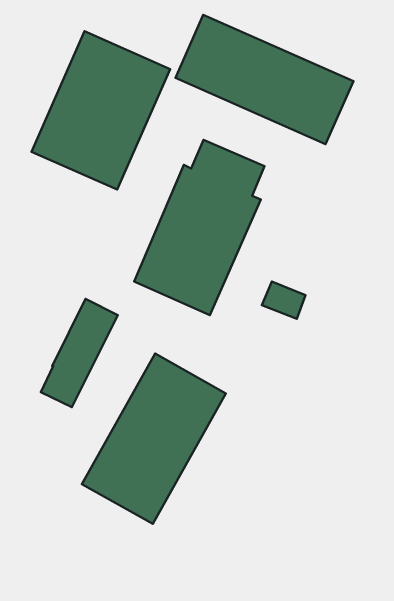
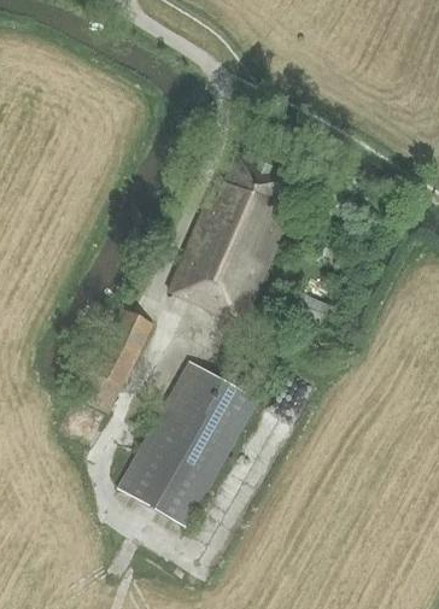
building: [175,15,353,144] -> none
building: [31,31,170,190] -> none

